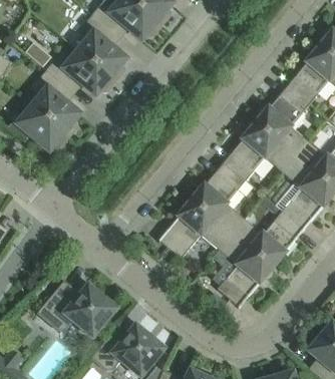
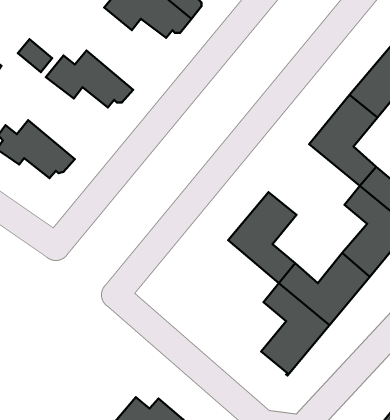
building: [78,15,126,80] -> none
building: [32,70,79,135] -> none
building: [223,123,295,179] -> none
building: [157,200,231,258] -> none
building: [36,280,115,336] -> none

